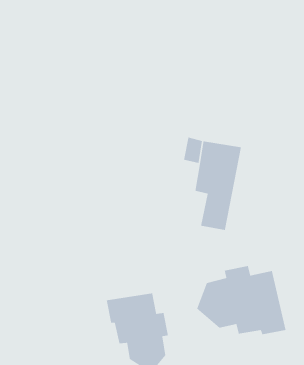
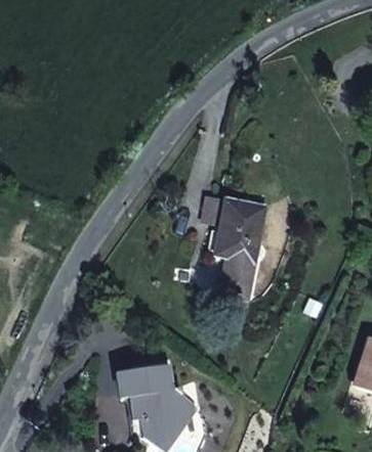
building: [196,265,286,335] -> none

